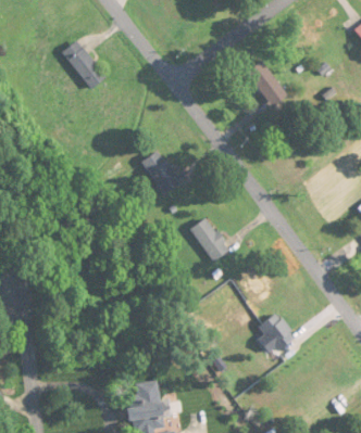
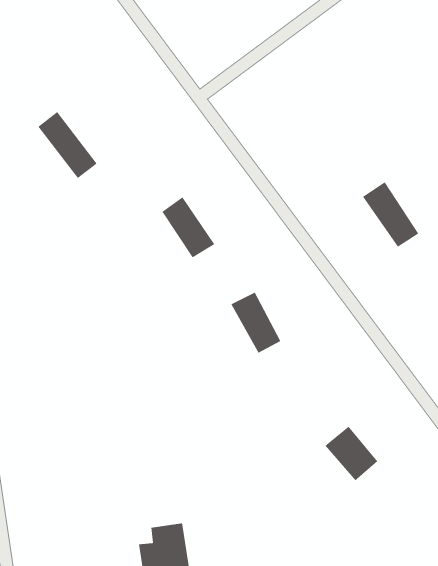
building: [63,41,105,89] -> [38,111,98,179]
building: [247,61,287,107] -> [362,181,419,248]

